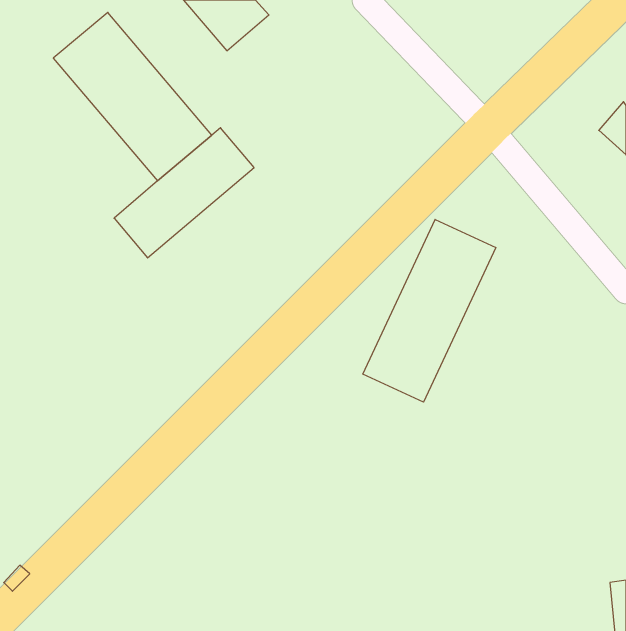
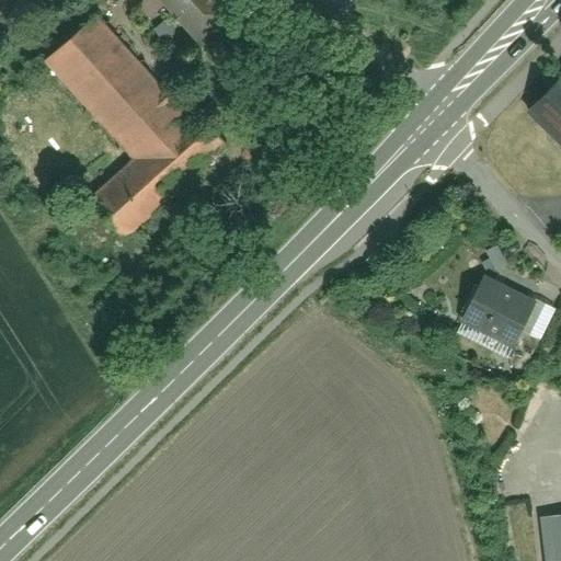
building: [363,219,496,402] -> none
building: none -> [461,277,533,344]

